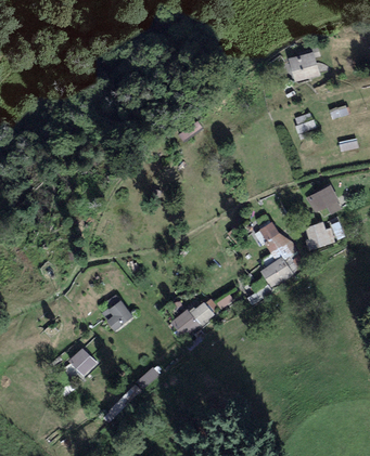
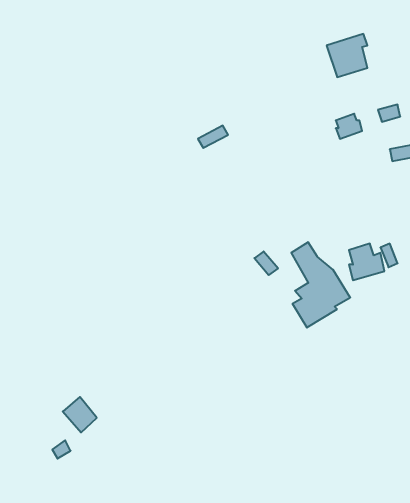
building: [307,184,342,216] -> none
building: [102,299,132,330] -> none
building: [168,301,220,342] -> none

